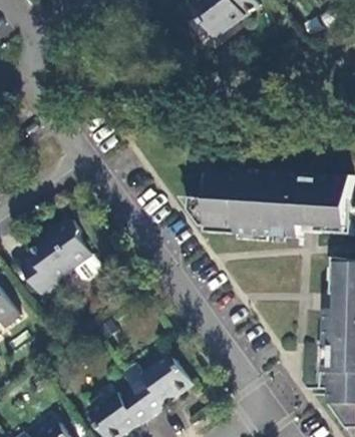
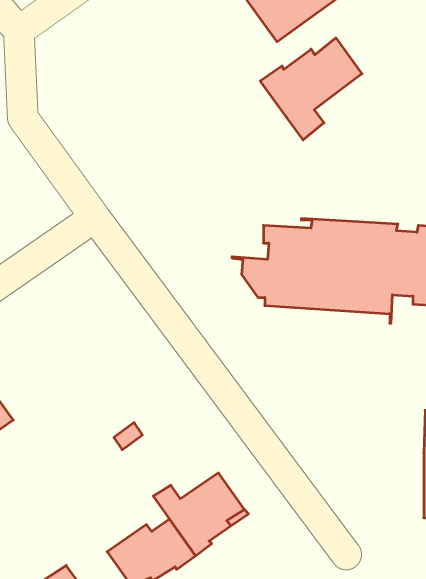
building: none -> [260,38,362,140]
building: [20,221,92,298] -> none

